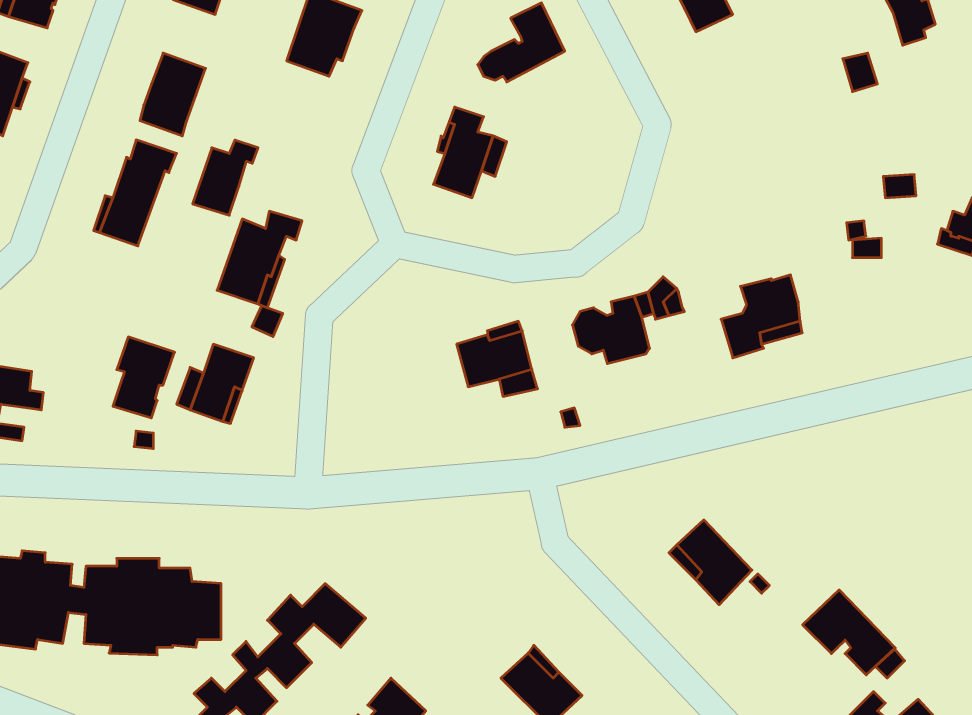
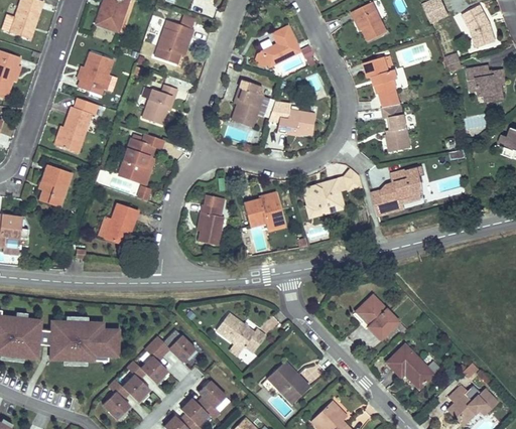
building: none -> [364,55,398,94]
building: none -> [466,66,504,101]
building: [193,140,258,215] -> [142,85,176,124]
building: none -> [268,101,314,133]
building: none -> [382,104,410,151]
building: none -> [198,195,224,245]
building: [113,337,175,418] -> [38,164,71,206]
building: none -> [216,312,265,352]
building: [803,590,895,675] -> [385,343,433,388]

